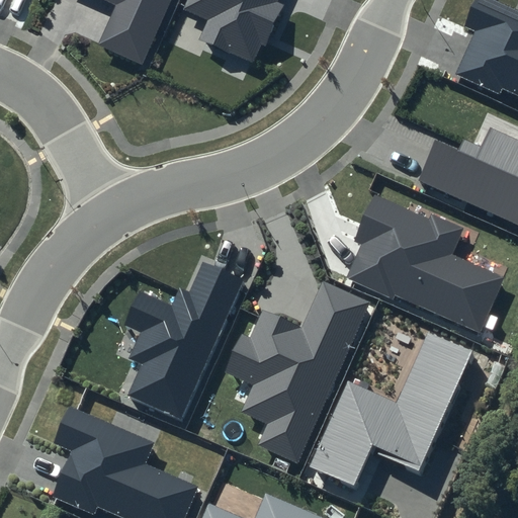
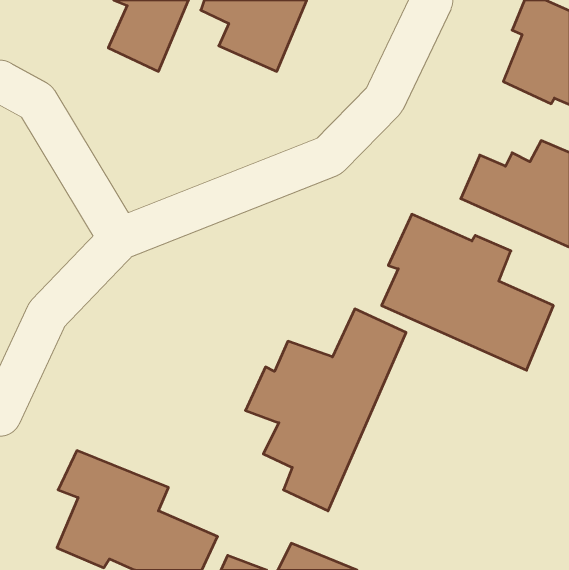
building: [124,262,246,420] -> none
building: [310,331,476,488] -> none

